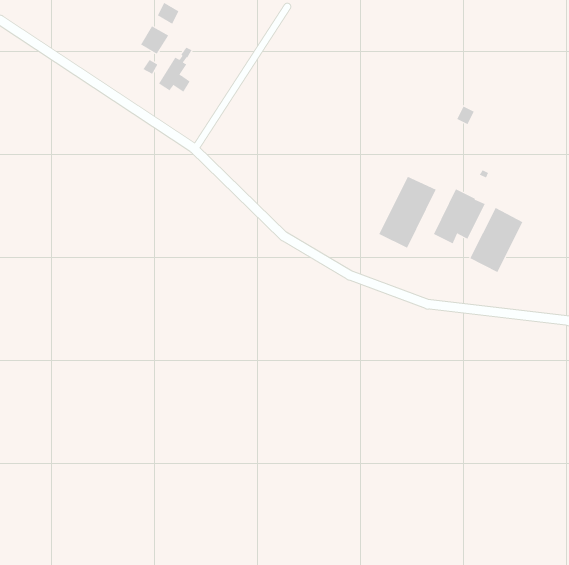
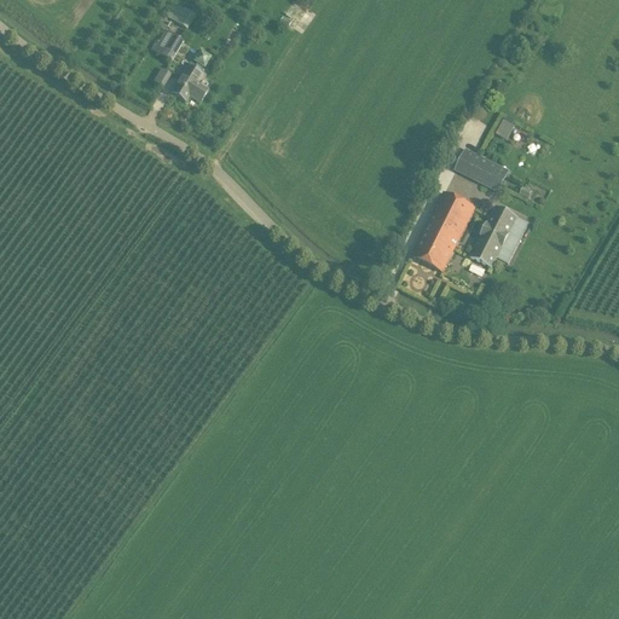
building: none -> [453,146,508,190]
building: [469,207,523,273] -> none

